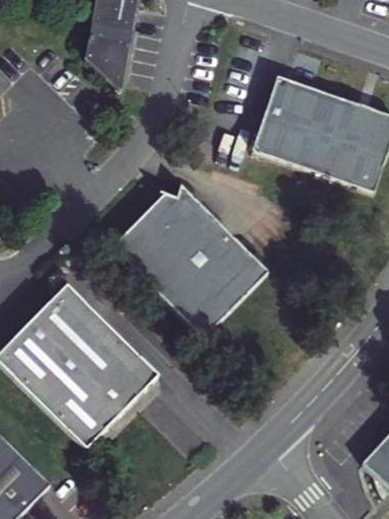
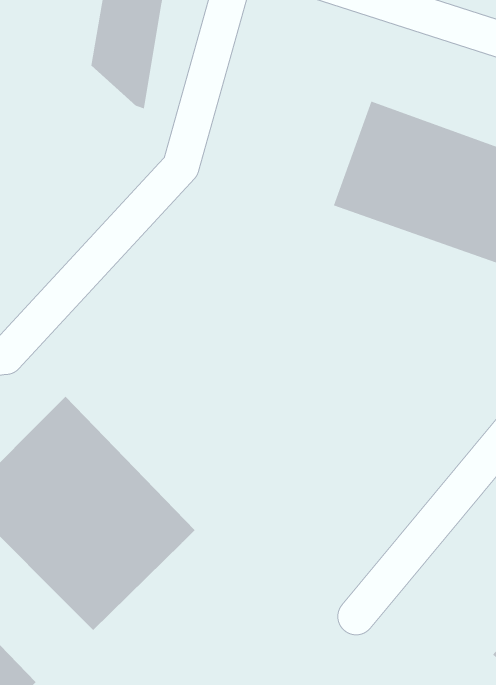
building: [111,184,268,339] -> none

